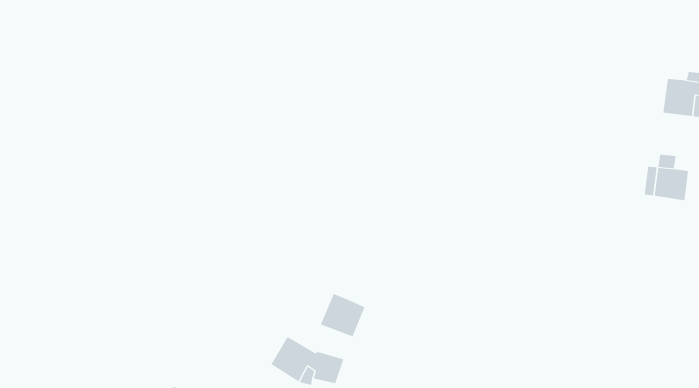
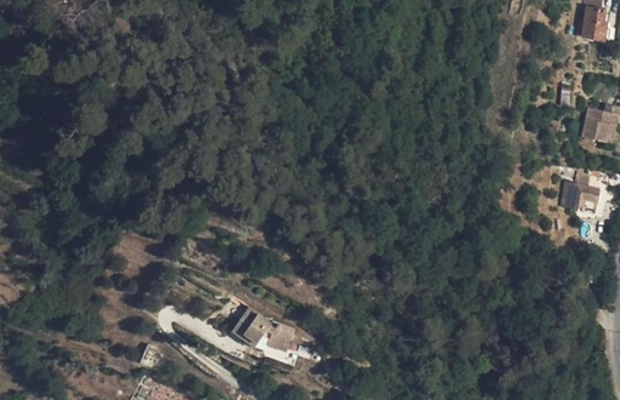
building: [320,293,365,337] -> none

